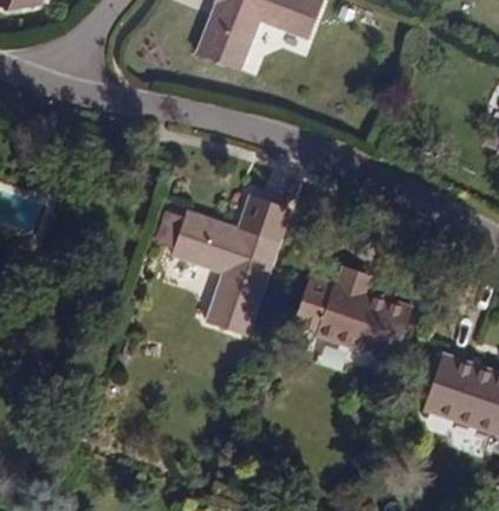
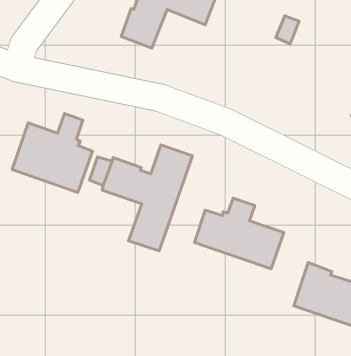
building: none -> [12,113,93,193]

